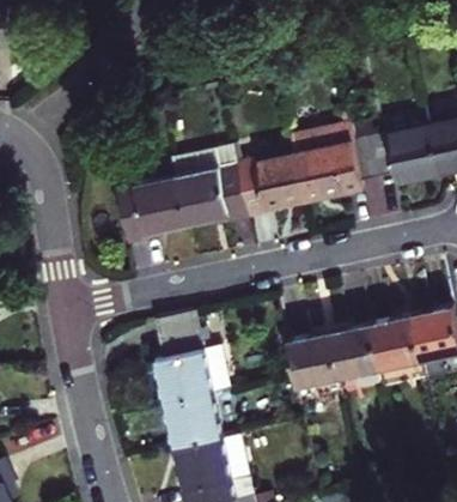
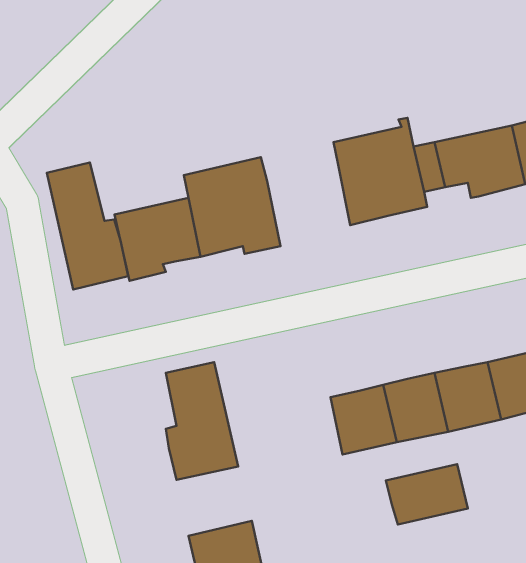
building: none -> [47,163,128,289]
building: [238,158,304,224] -> none
building: none -> [386,464,468,524]
building: [166,399,226,454] -> none

